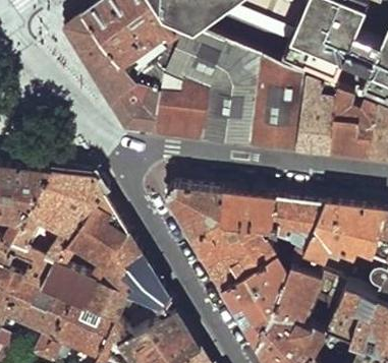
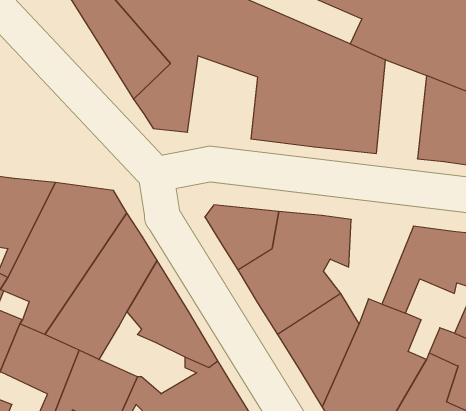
building: [152,74,206,138] -> none
building: [297,77,336,154] -> none
building: [276,200,326,265] -> none
building: [84,283,127,321] -> none

